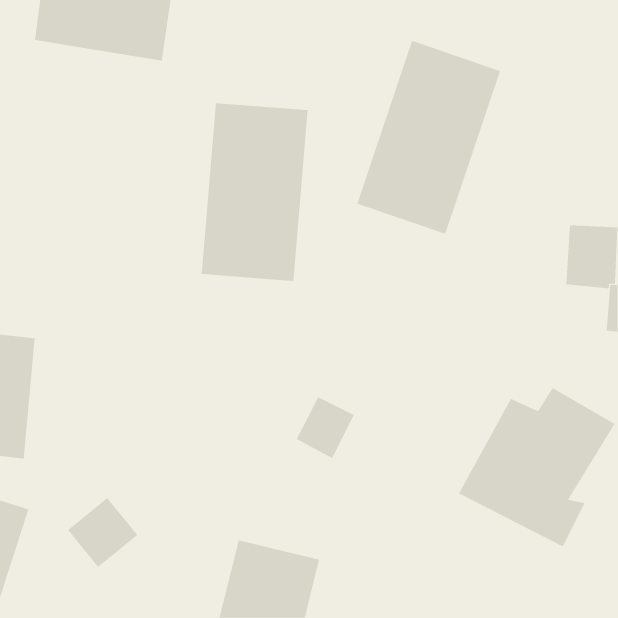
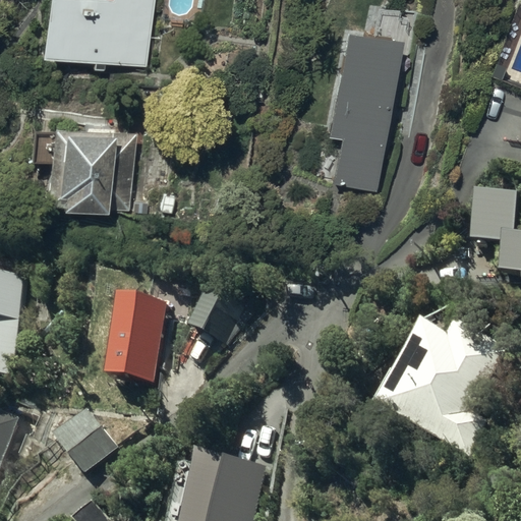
building: [201,102,308,282] -> none
building: none -> [41,124,132,209]
building: none -> [104,289,167,378]
building: [296,396,355,459] -> [186,284,235,336]

